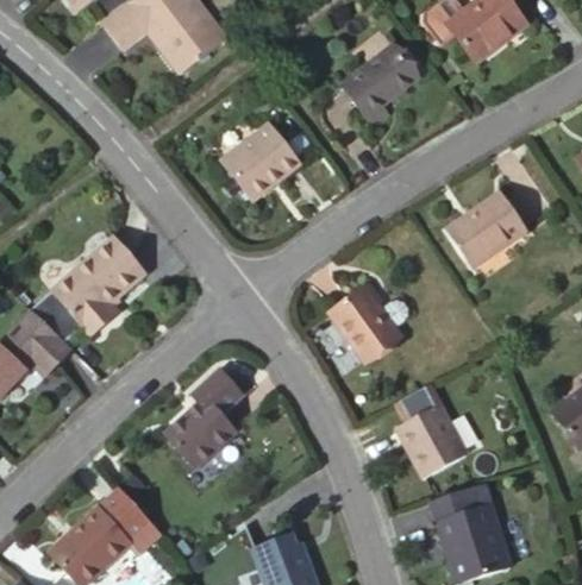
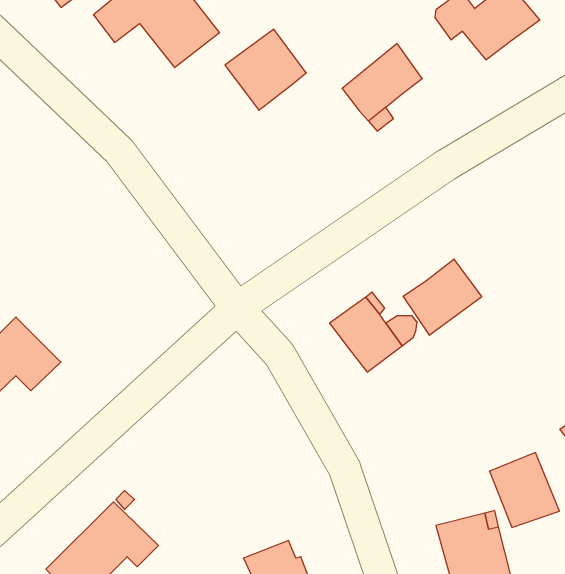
building: [227,127,305,205] -> [225,29,306,110]
building: [449,189,524,262] -> [403,259,482,335]
building: [52,238,140,336] -> none
building: [168,383,238,452] -> none
building: [394,404,461,476] -> [489,453,559,527]

